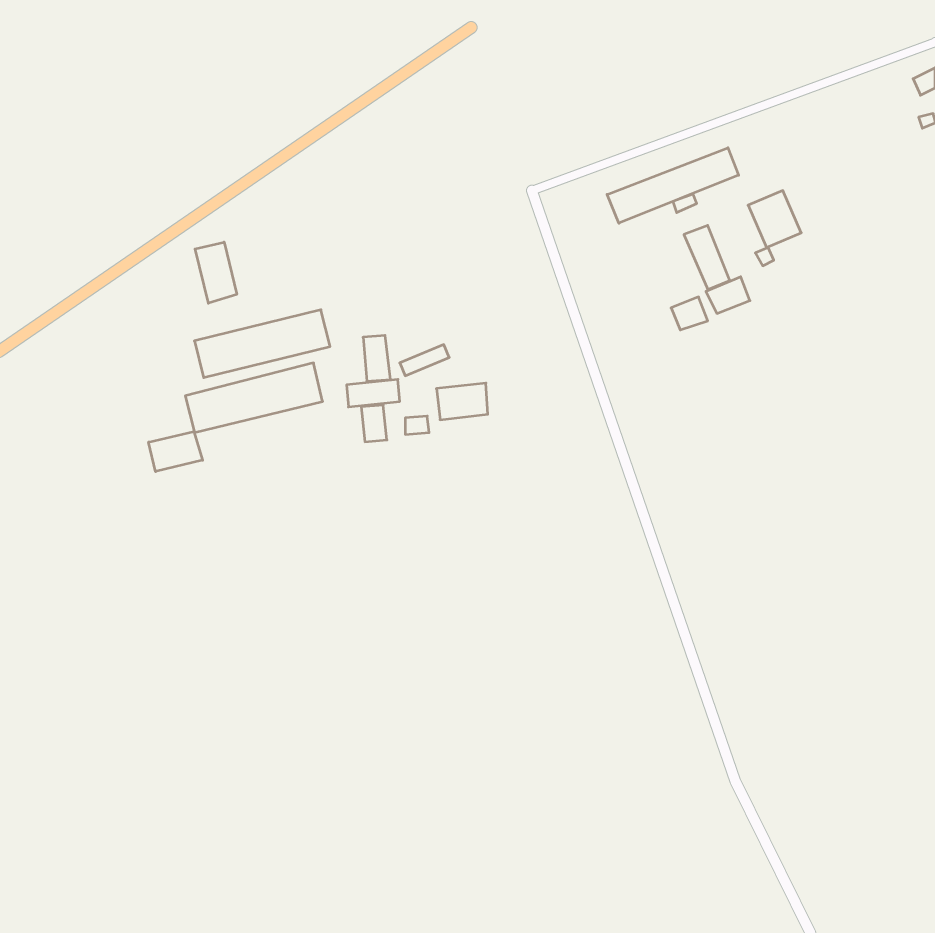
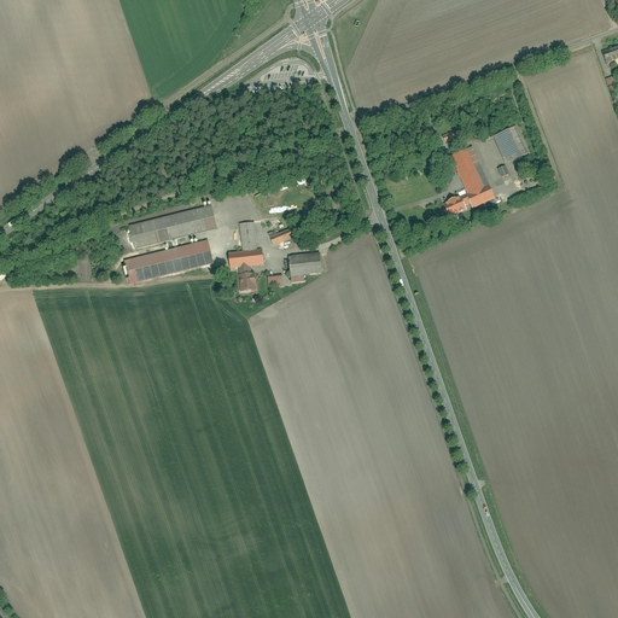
building: [607,148,739,223] -> none
building: [195,242,237,303] -> none
building: [149,431,203,472] -> none

